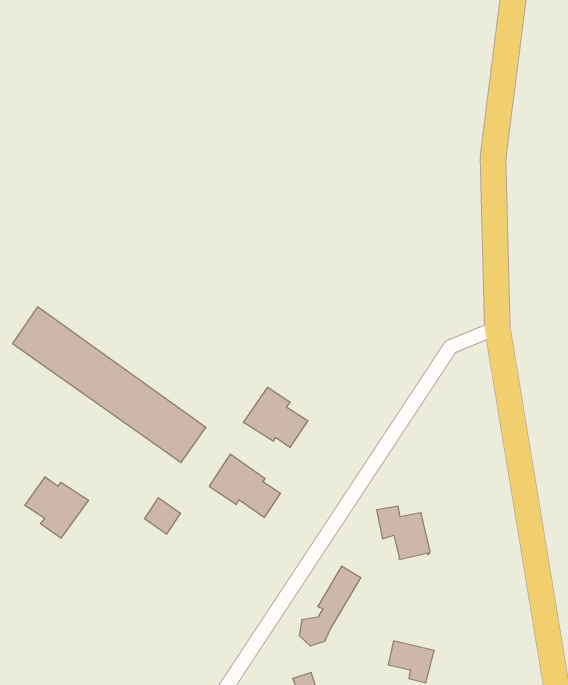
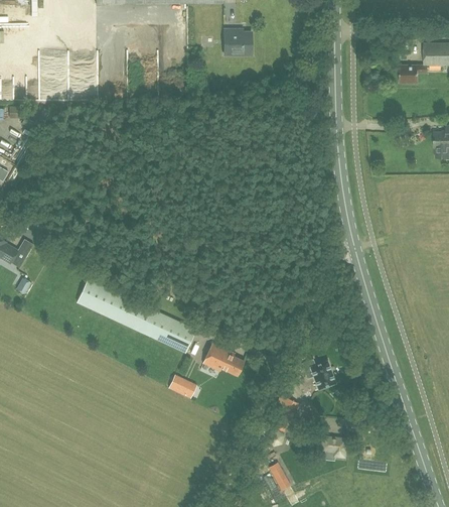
building: [243,387,308,447] -> none
building: [25,477,88,538] -> none

